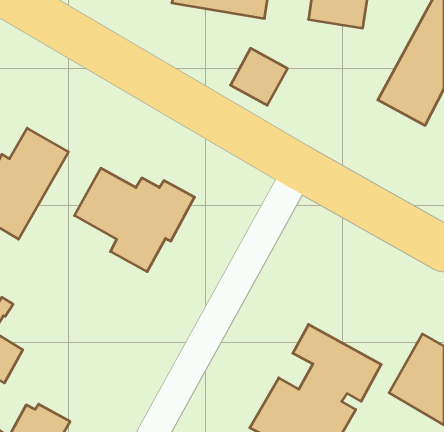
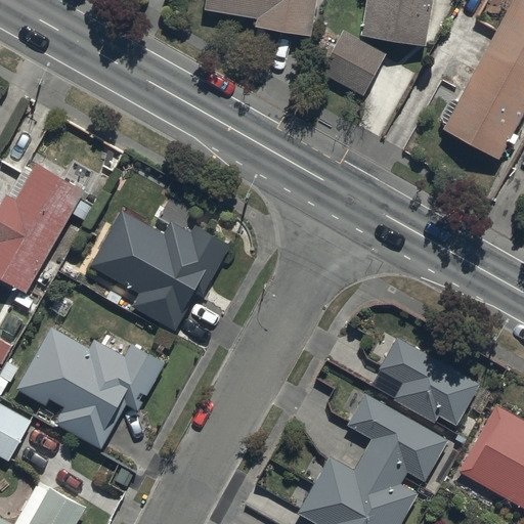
building: [230,48,287,105] -> [321,31,388,97]
building: none -> [16,326,164,448]
building: none -> [378,335,481,426]

